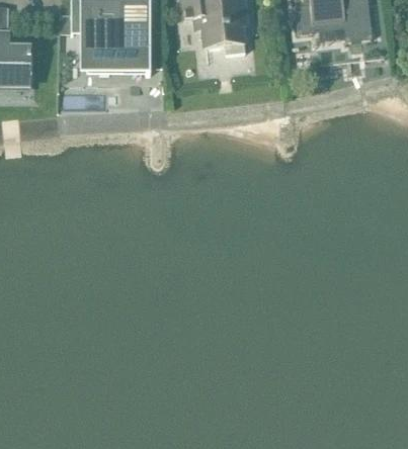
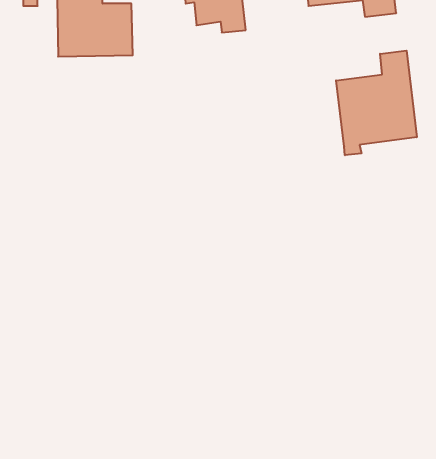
building: none -> [336,51,417,155]

